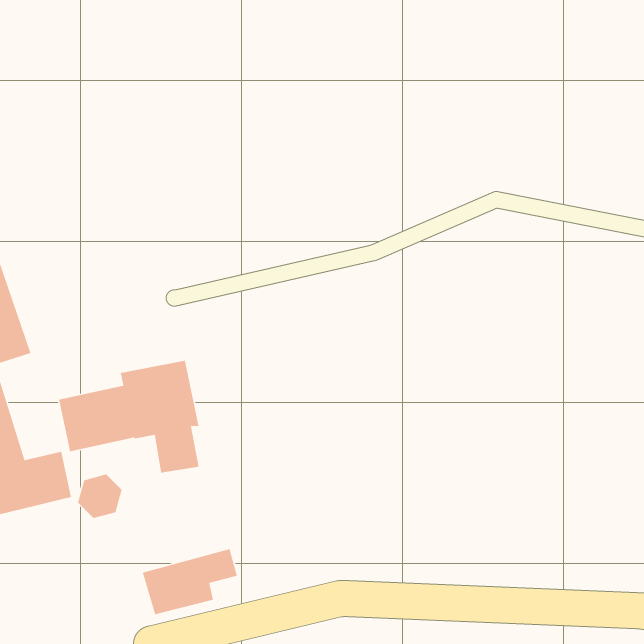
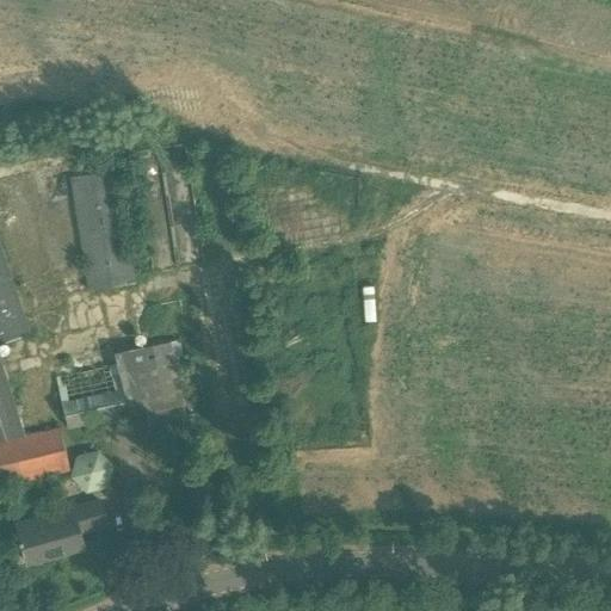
building: none -> [68,168,134,291]
building: [142,548,238,615] -> [14,499,105,562]

